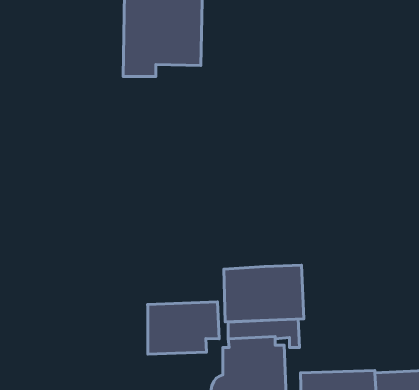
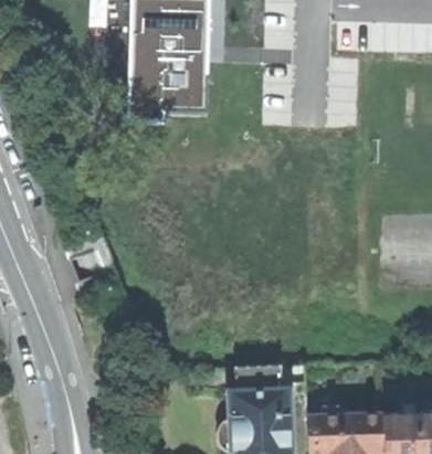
building: [224,265,304,322] -> none
building: [148,302,219,354] -> none

